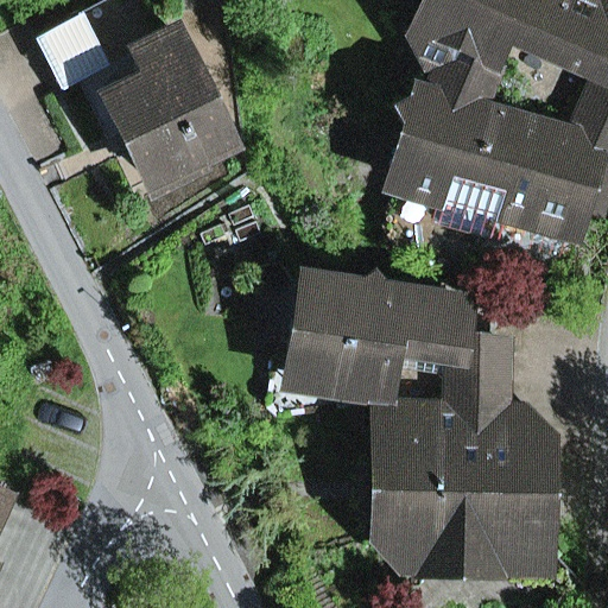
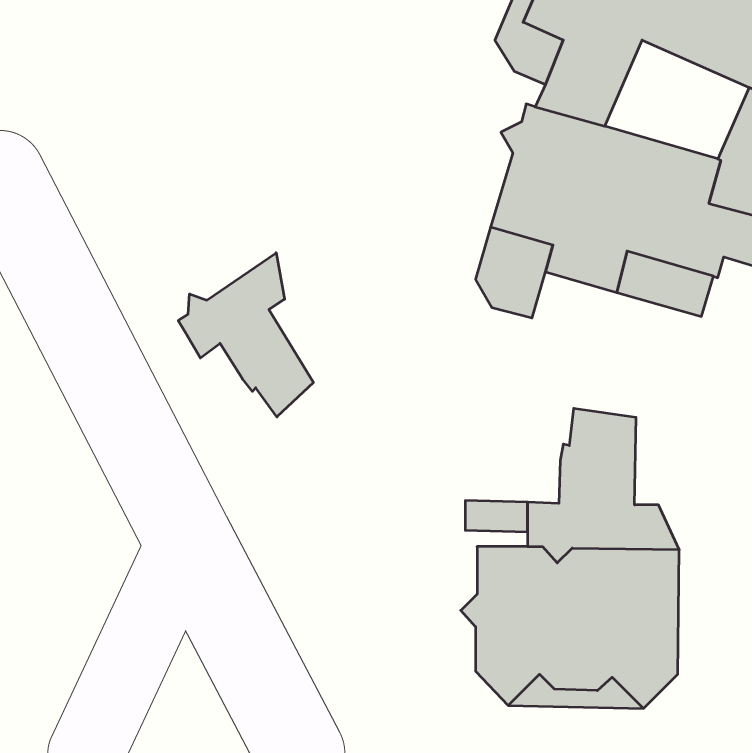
building: [53,14,234,176] -> none
building: none -> [178,253,313,417]
building: [271,274,468,414] -> none

